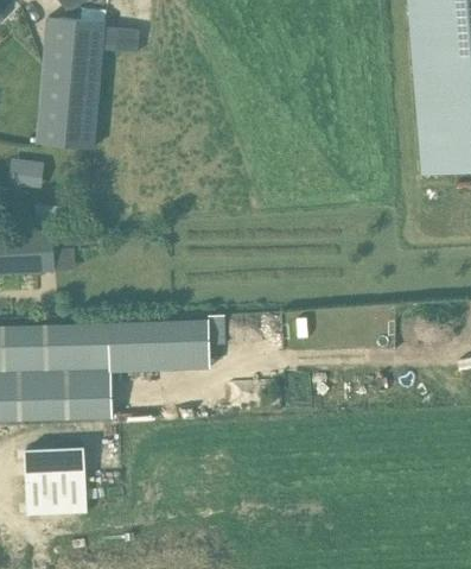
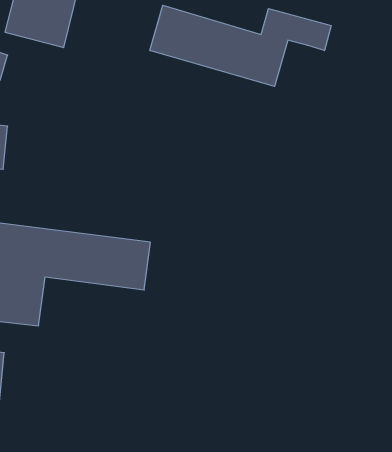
building: none -> [150,5,331,86]

